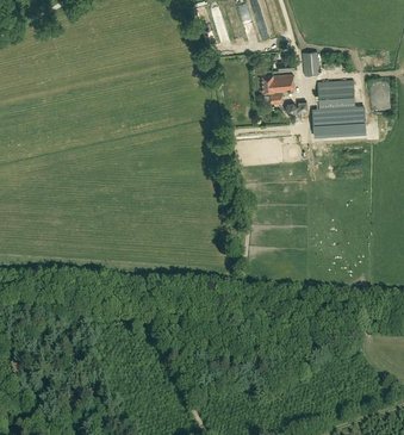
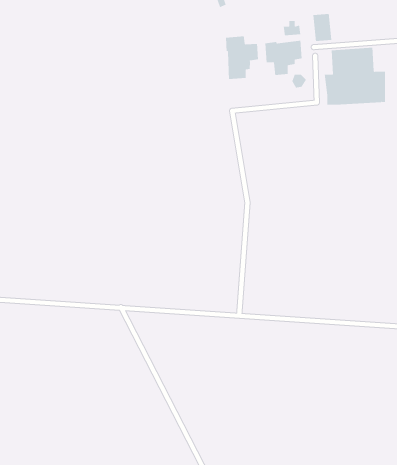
building: none -> [225,36,258,80]

